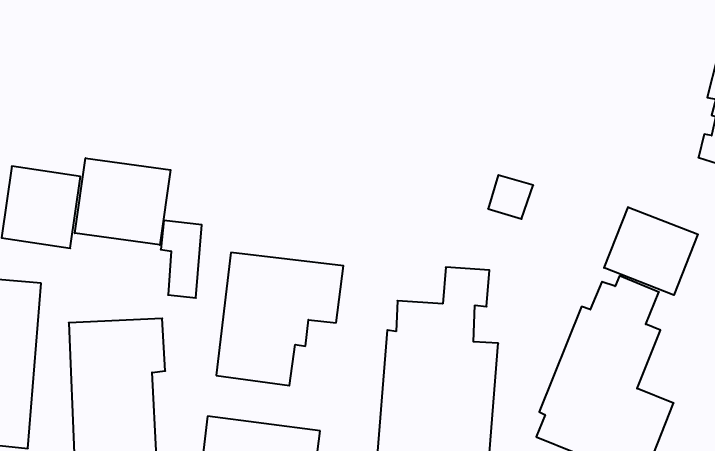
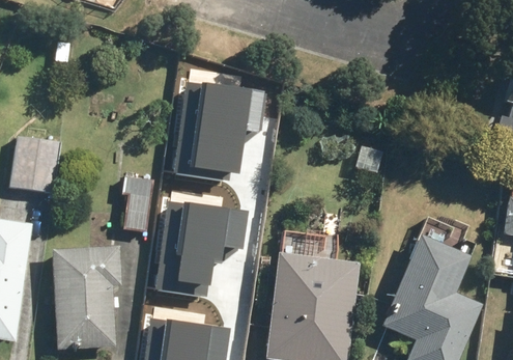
building: none -> [173,81,265,181]
building: [75,158,171,245] -> none
building: [604,207,698,295] -> none

